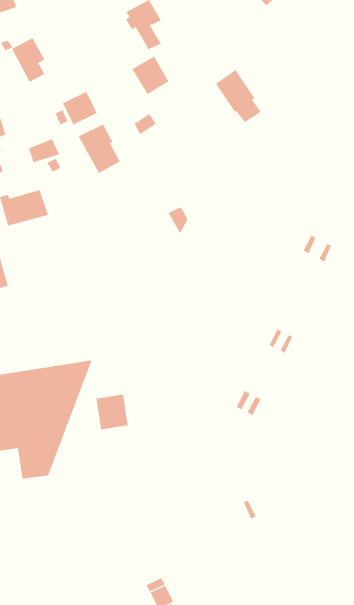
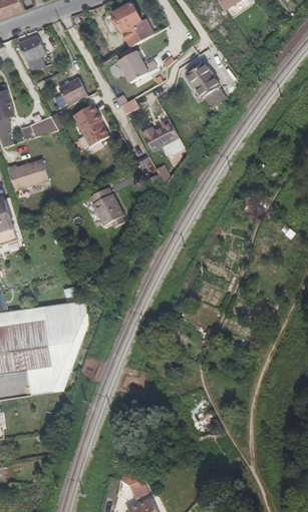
building: none -> [142,117,180,150]
building: none -> [85,185,125,228]
building: [96,394,128,430] -> none

